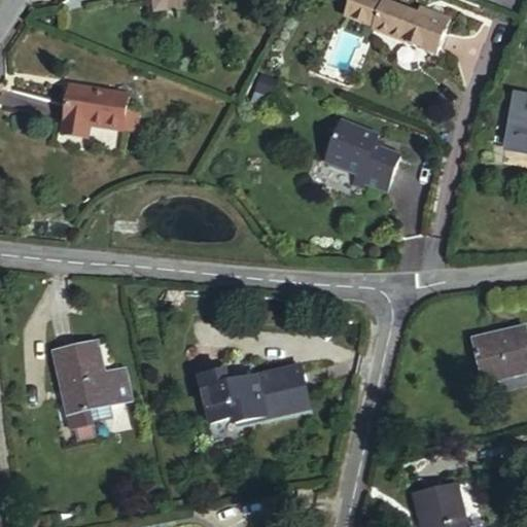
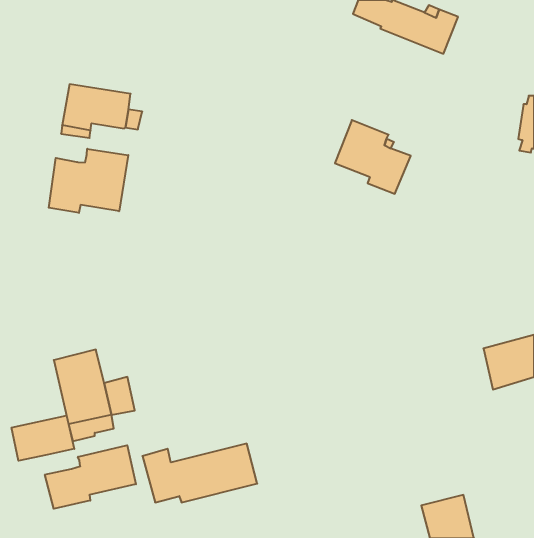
building: none -> [49,149,128,213]
building: [197,366,309,424] -> [142,444,257,502]
building: none -> [12,415,74,461]
building: none -> [45,445,136,509]

